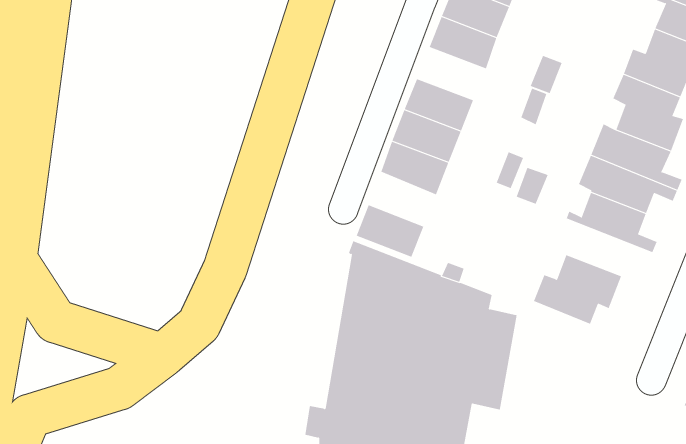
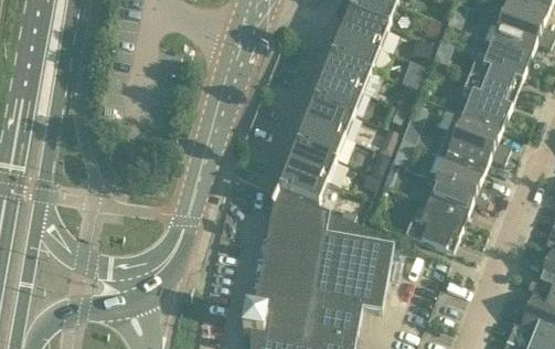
building: none -> [319,56,369,94]
building: none -> [285,145,333,183]
building: none -> [423,178,487,219]

